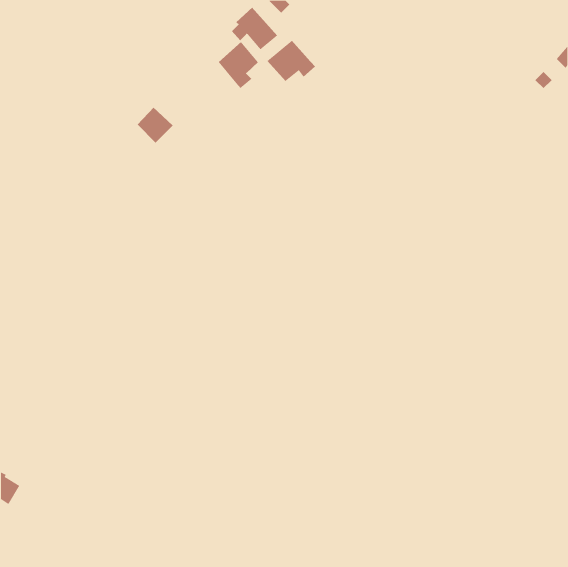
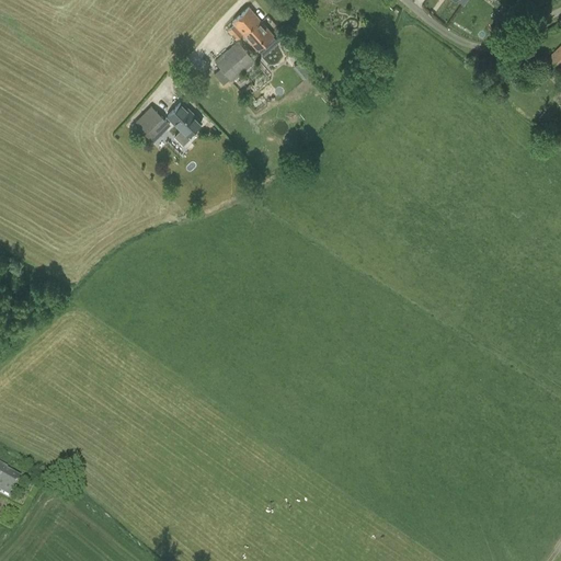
building: [267,40,316,82] -> none
building: none -> [167,103,202,146]

